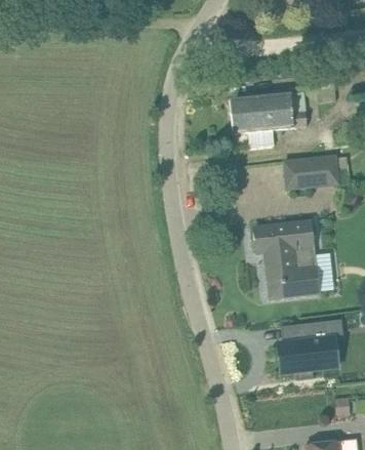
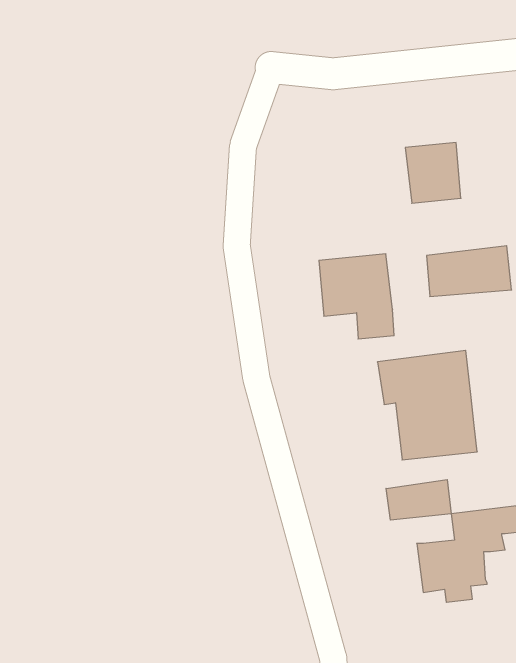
building: [230,93,277,147] -> [319,254,394,339]
building: none -> [386,480,451,520]

